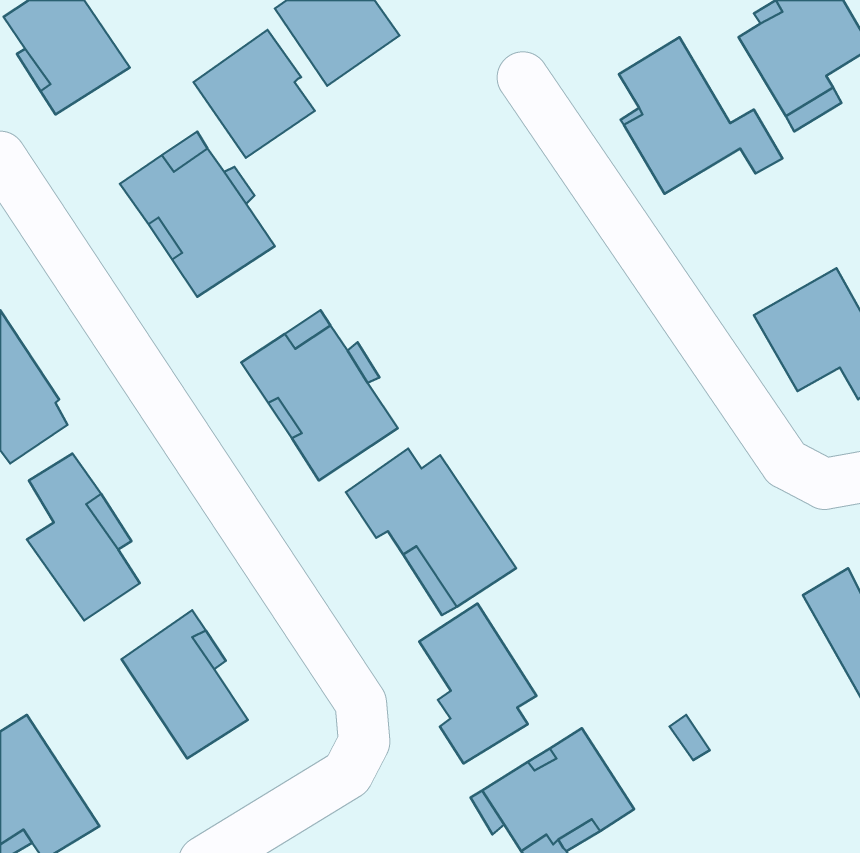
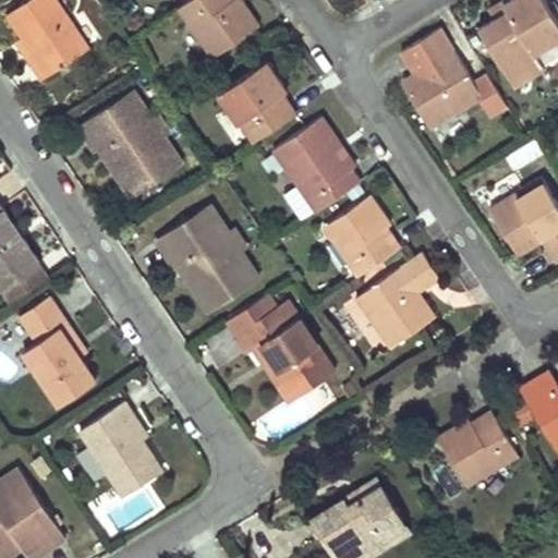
building: [193,30,315,158] -> [218,63,296,146]
building: none -> [270,118,361,223]
building: none -> [326,195,400,277]
building: none -> [355,252,440,349]
building: [419,603,537,764] -> none
building: none -> [438,415,519,489]

